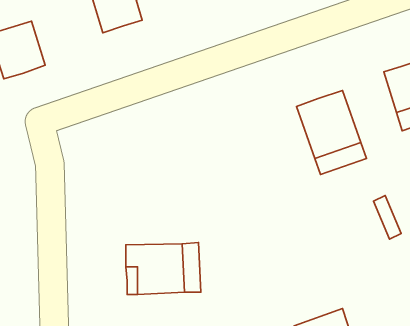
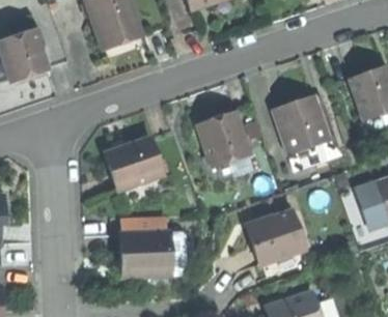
building: none -> [200,117,250,167]
building: none -> [105,137,162,190]
building: none -> [248,208,305,261]

